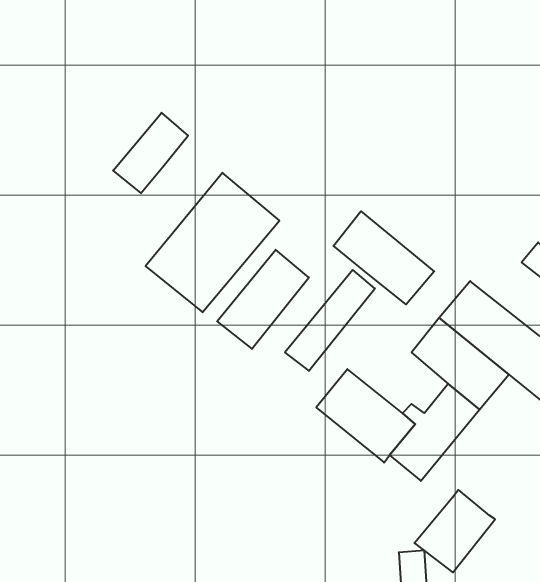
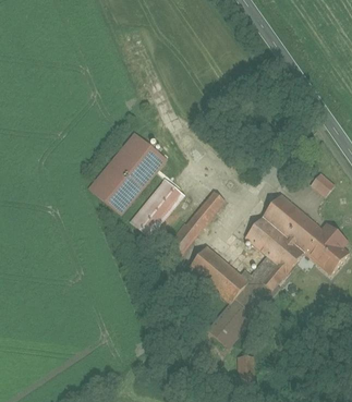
building: [113,113,188,193] -> none
building: [333,211,434,304] -> none
building: [414,490,495,572] -> [206,300,254,349]

